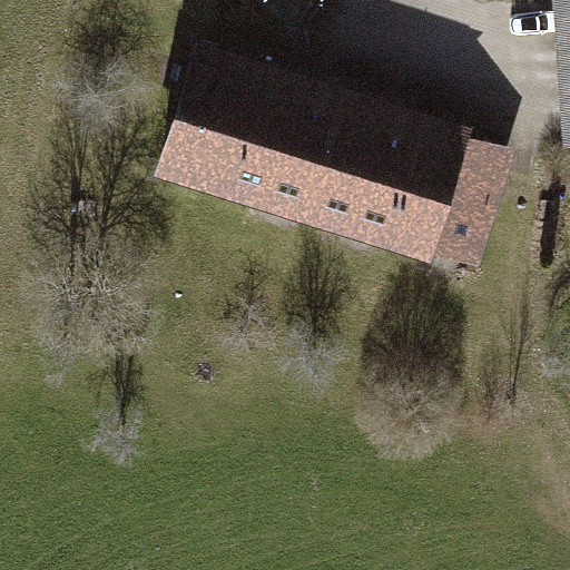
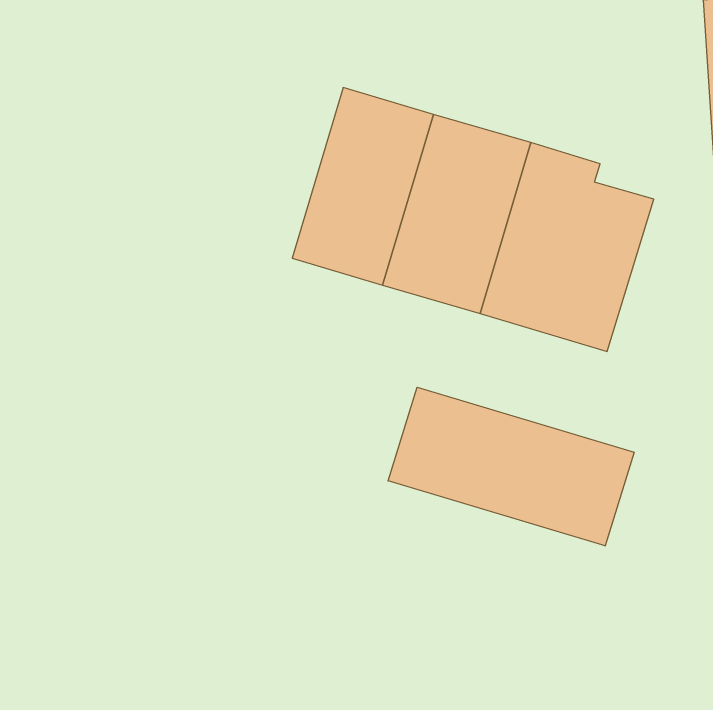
building: [158,46,277,204] -> none
building: none -> [388,387,634,546]

